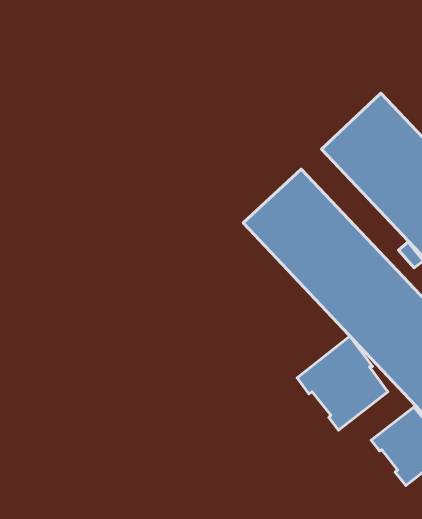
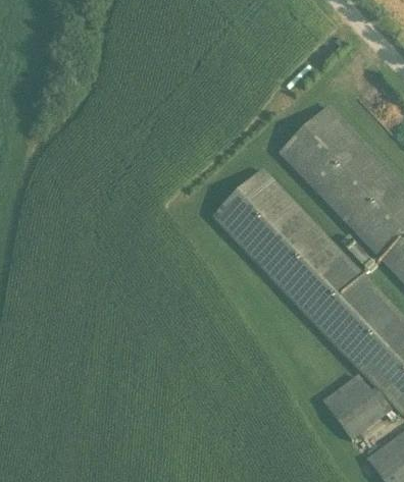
building: [297,336,388,430] -> none

